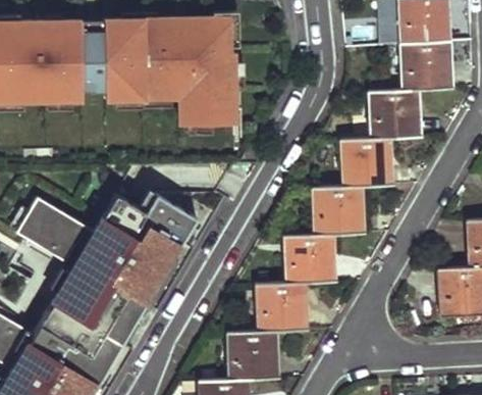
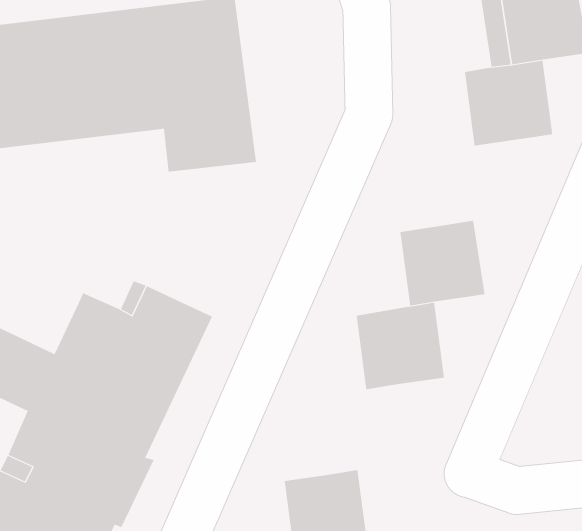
building: [345,132,397,181] -> none
building: [257,279,308,331] -> none

